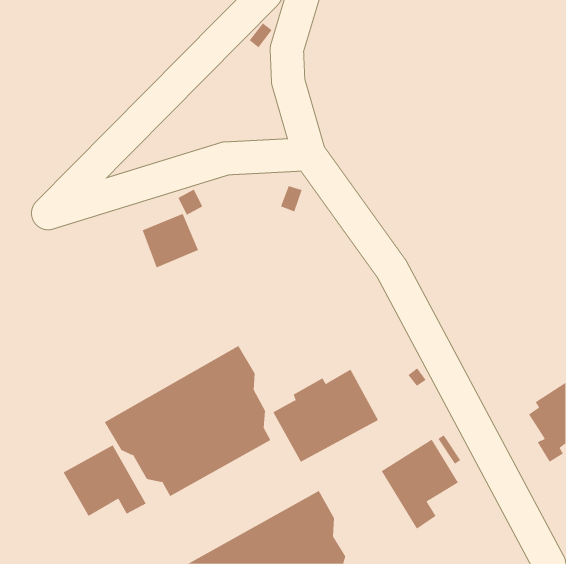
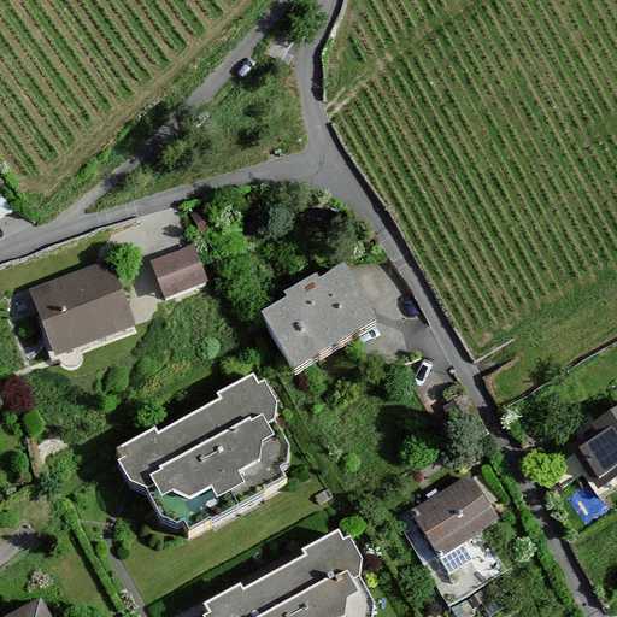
building: none -> [30,259,134,355]
building: [273,369,379,463] -> [262,268,376,369]
building: [63,444,147,517] -> none

